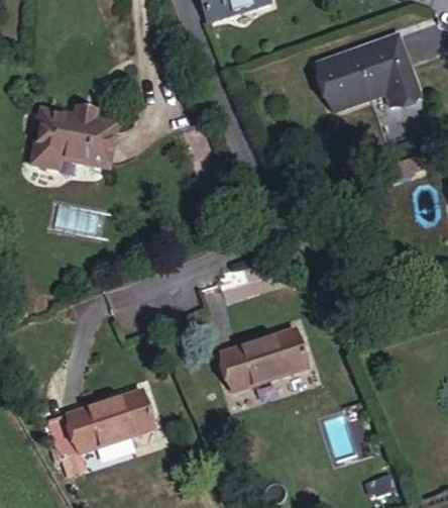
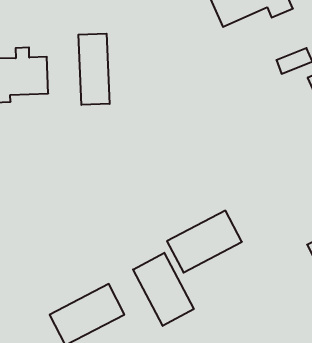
building: none -> [78,34,110,105]
building: none -> [133,253,194,326]

